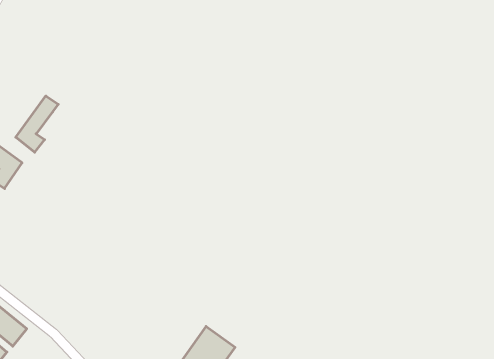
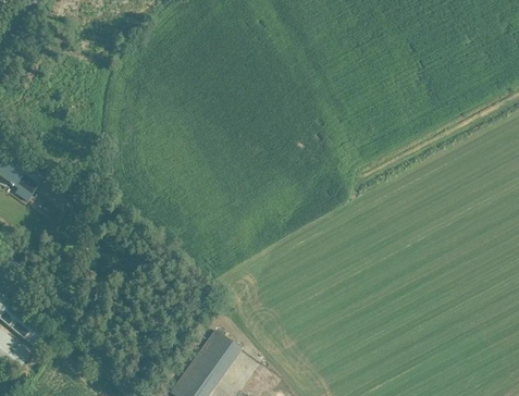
building: [16,96,58,152] -> none

